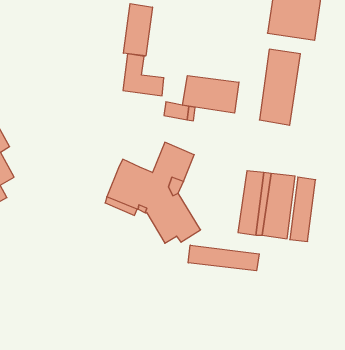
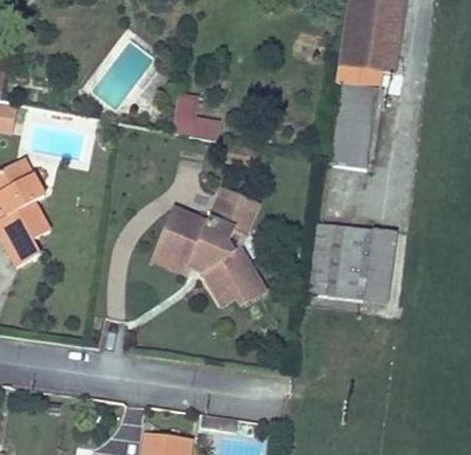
building: [123,4,152,56] -> none
building: [183,76,239,113] -> none
building: [188,245,259,271] -> none

